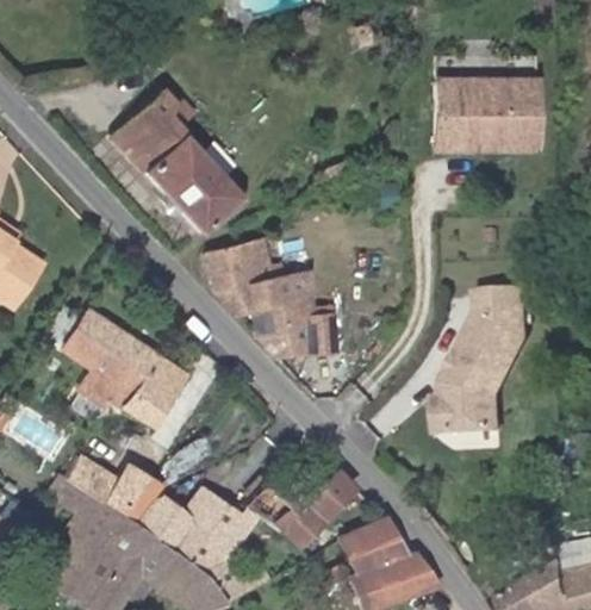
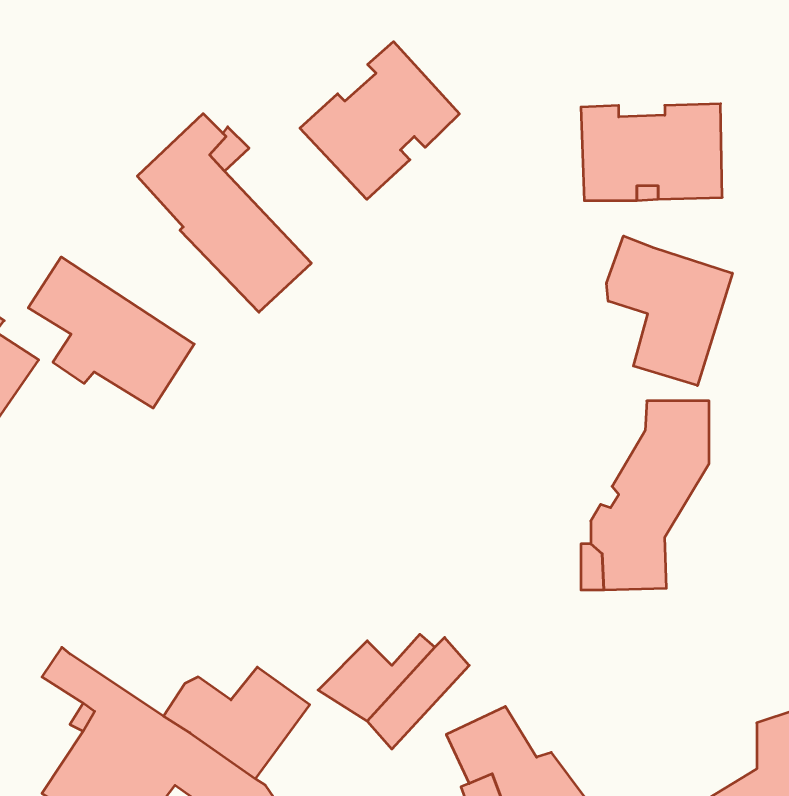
building: none -> [300,42,459,199]
building: none -> [607,236,732,386]
building: [209,238,337,357] -> none
building: [64,312,185,422] -> [28,257,194,408]
building: [67,459,150,524] -> none

